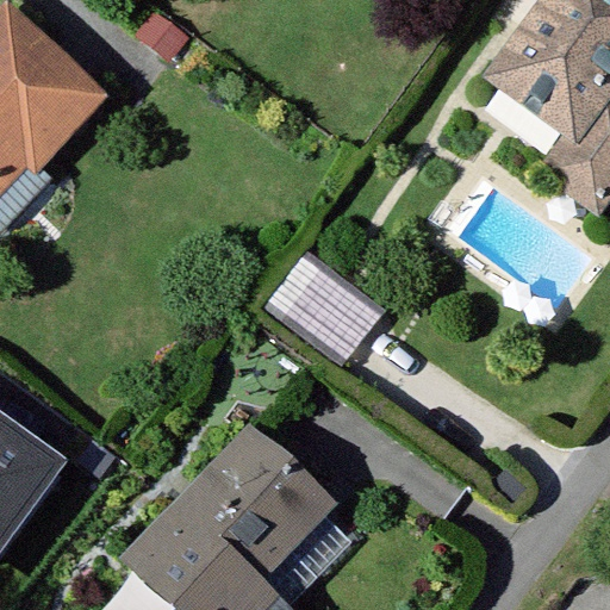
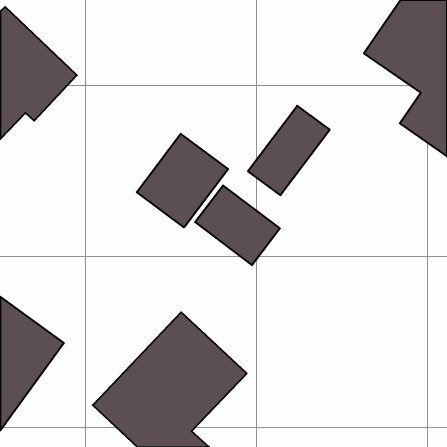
building: none -> [248,106,330,195]
building: none -> [137,134,228,227]

